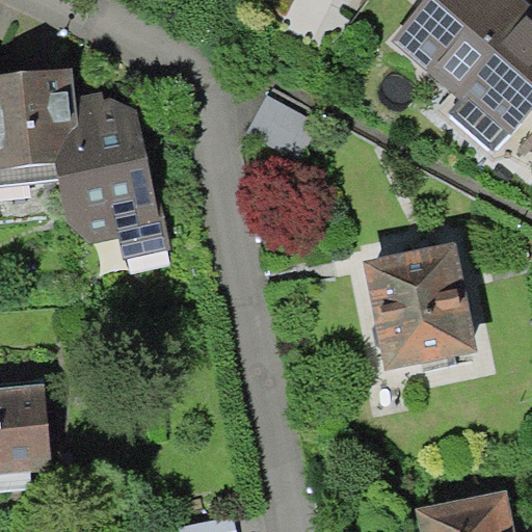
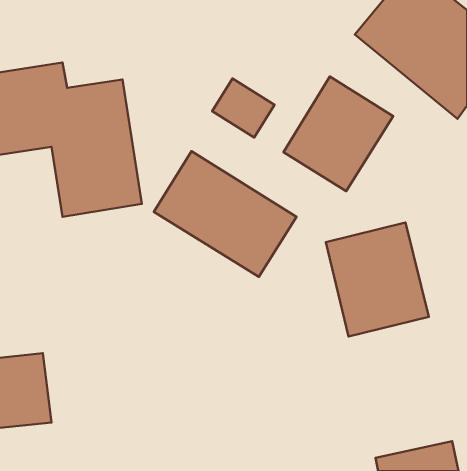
building: none -> [284,77,393,191]
building: none -> [154,151,296,277]

